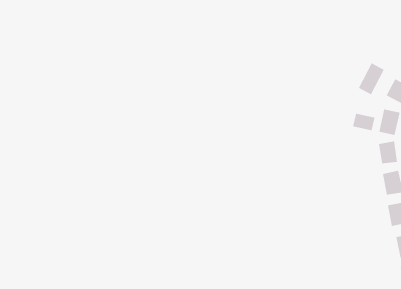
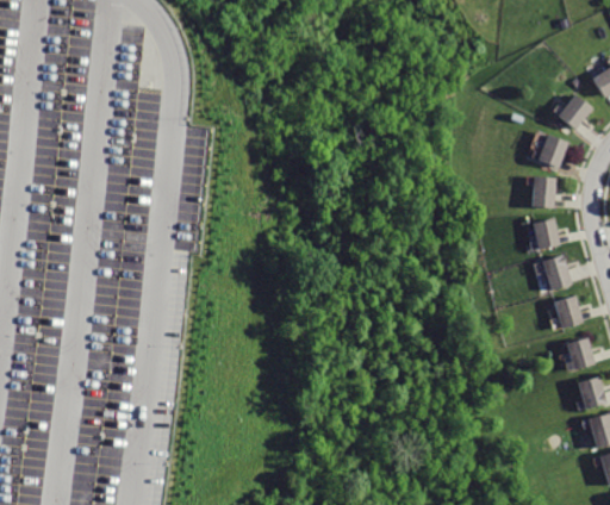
building: [358,62,385,95] -> none
building: [353,113,375,131] -> none

